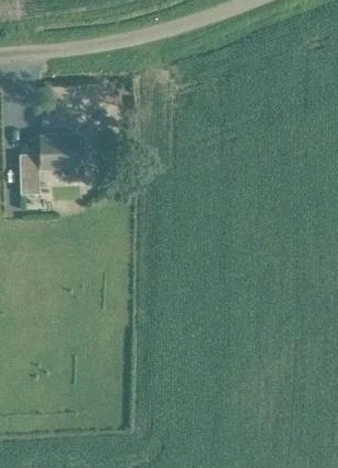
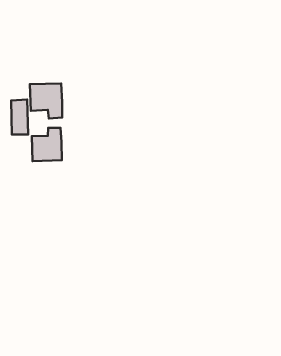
building: none -> [32,128,62,161]

